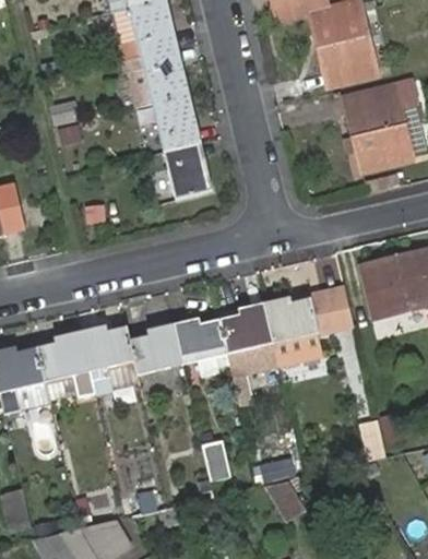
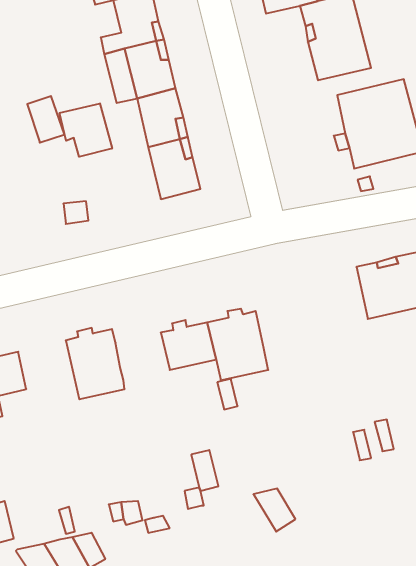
building: none -> [60,103,112,157]
building: [266,290,354,365] -> none
building: [131,325,183,374] -> none
building: [37,334,96,403] -> none

